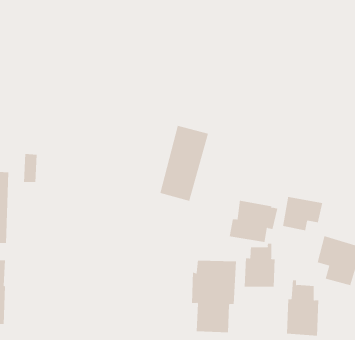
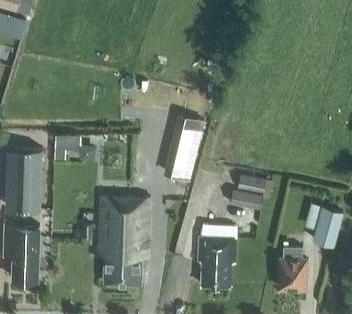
building: [282,196,323,231] -> none
building: none -> [99,197,149,285]
building: [244,243,275,287] -> none

